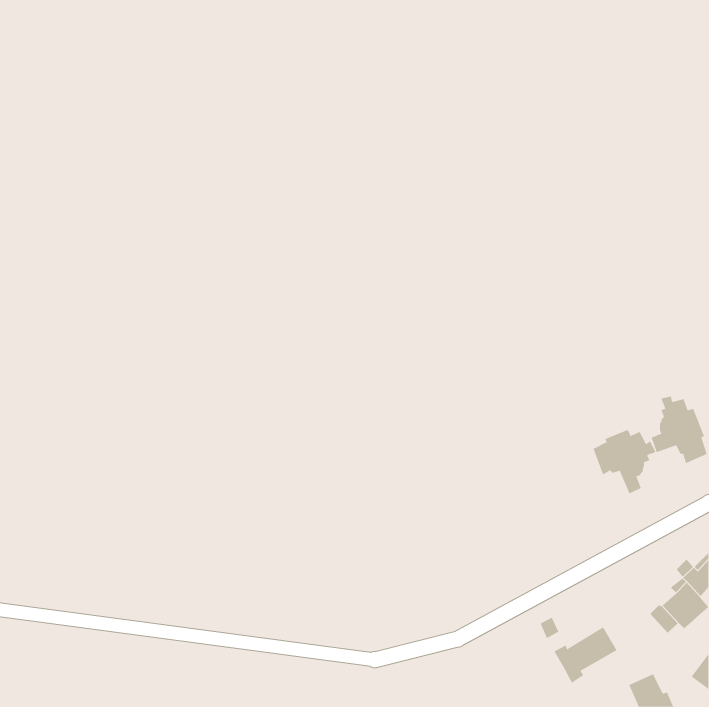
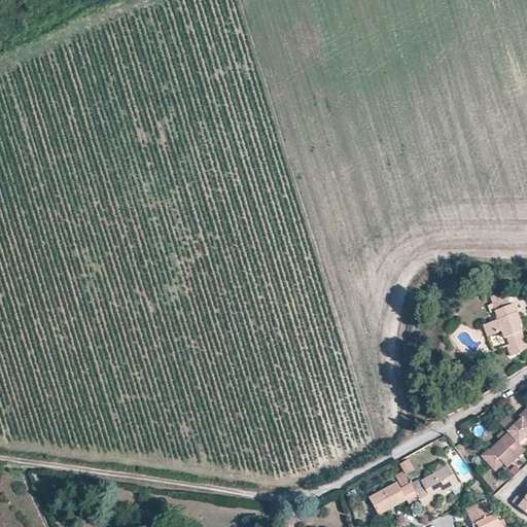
building: [593,429,656,494] -> none
building: none -> [370,482,419,514]

